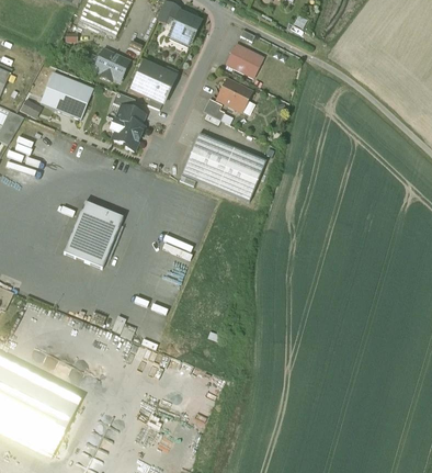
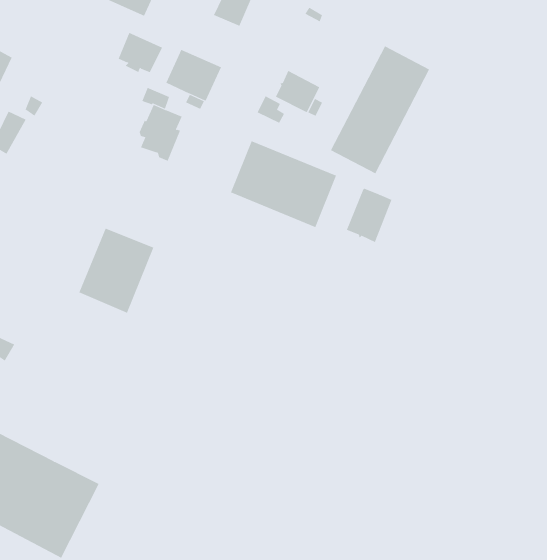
building: [226,43,263,77] -> none
building: none -> [330,45,430,174]
building: [41,71,93,119] -> none
building: none -> [346,188,392,243]

